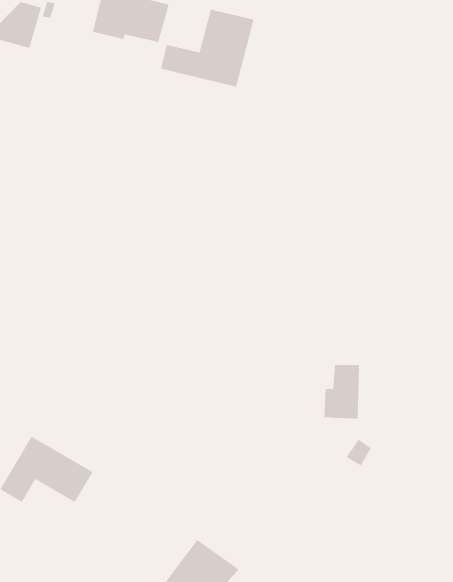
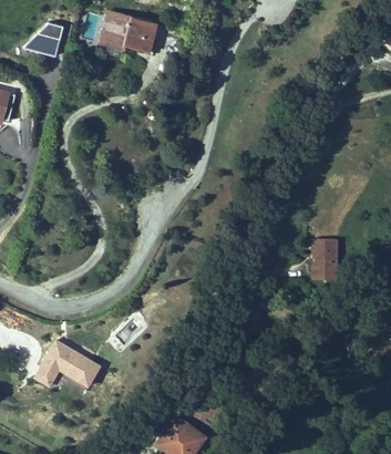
building: [160,9,254,88] -> none
building: [323,364,360,419] -> [311,240,338,280]

